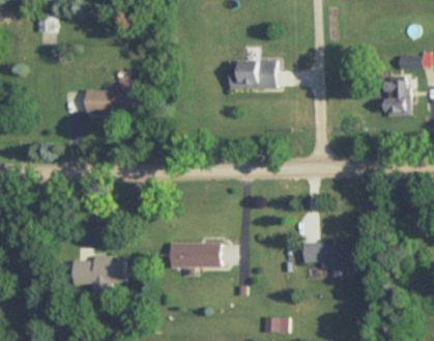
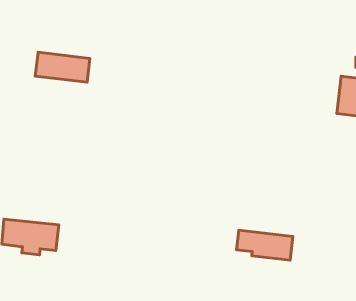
building: [226,60,274,88] -> none
building: [169,243,220,266] -> none

